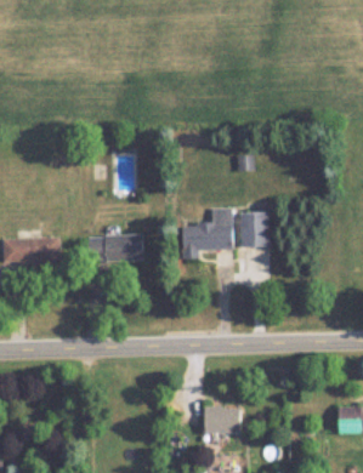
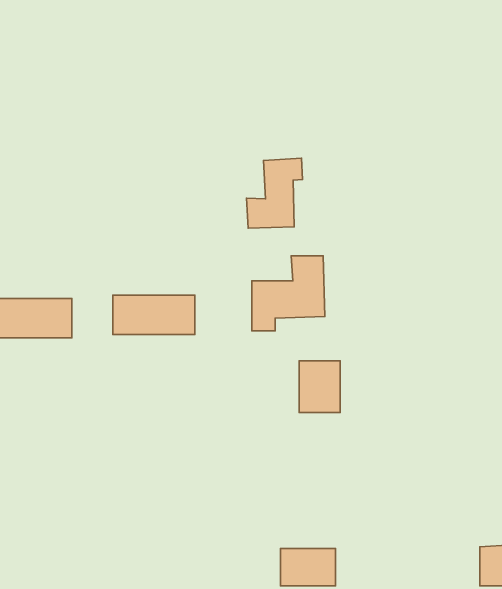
building: none -> [246,158,303,228]
building: [239,212,267,247] -> [299,361,340,412]

